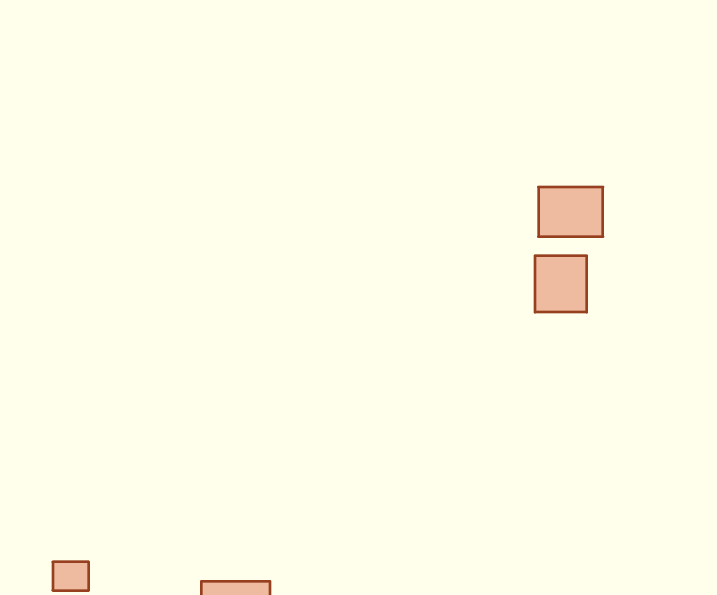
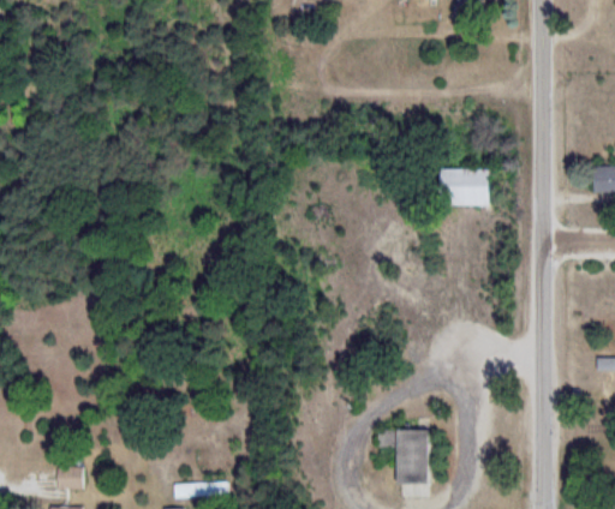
building: [535,256,587,312] -> none
building: none -> [398,430,430,484]

